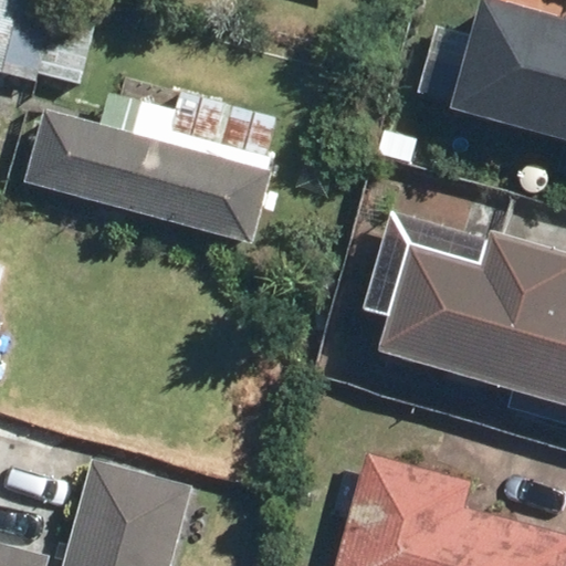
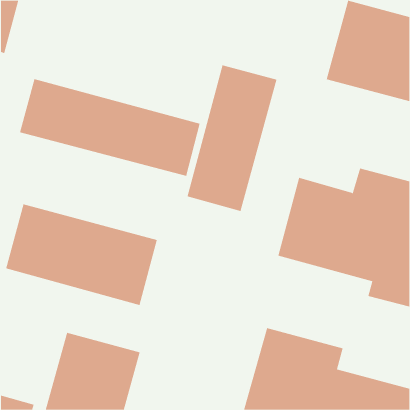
building: none -> [187,65,277,212]
building: none -> [5,204,158,306]

